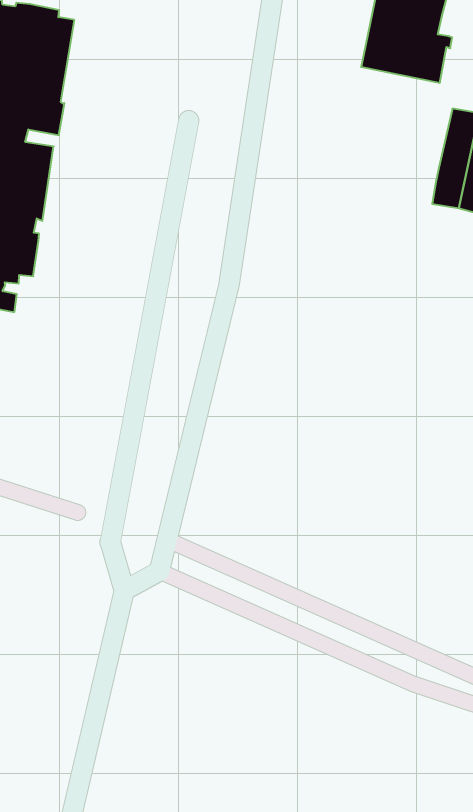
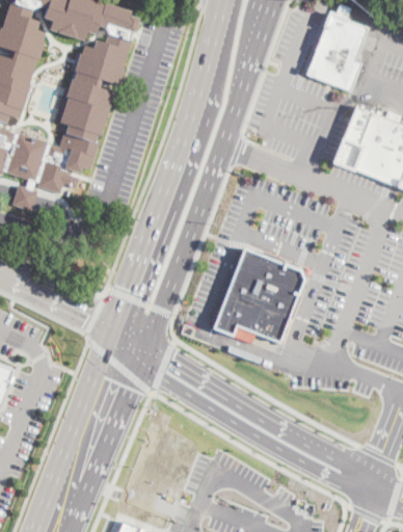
building: none -> [213,249,303,342]

